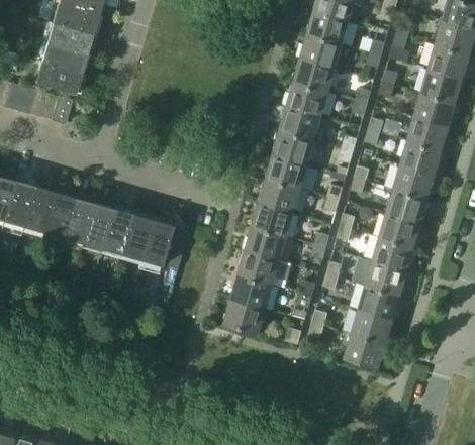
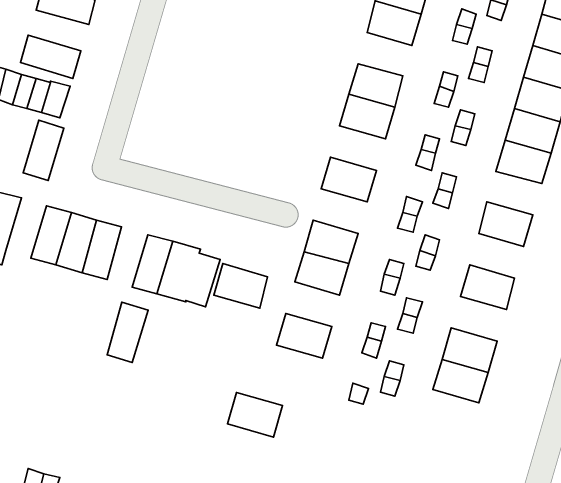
building: [39,41,86,73] -> none
building: [293,59,335,92] -> none
building: [272,130,314,164] -> none
building: [392,165,435,199] -> none
building: [259,179,300,213] -> none
building: [22,186,54,232] -> [23,120,64,181]
building: [100,208,131,254] -> [107,302,148,363]
building: [379,213,420,247] -> none
building: [238,250,279,285] -> [214,264,268,308]
building: [354,258,407,296] -> none
building: [223,299,266,333] -> [227,392,283,437]
building: [344,333,386,368] -> none

